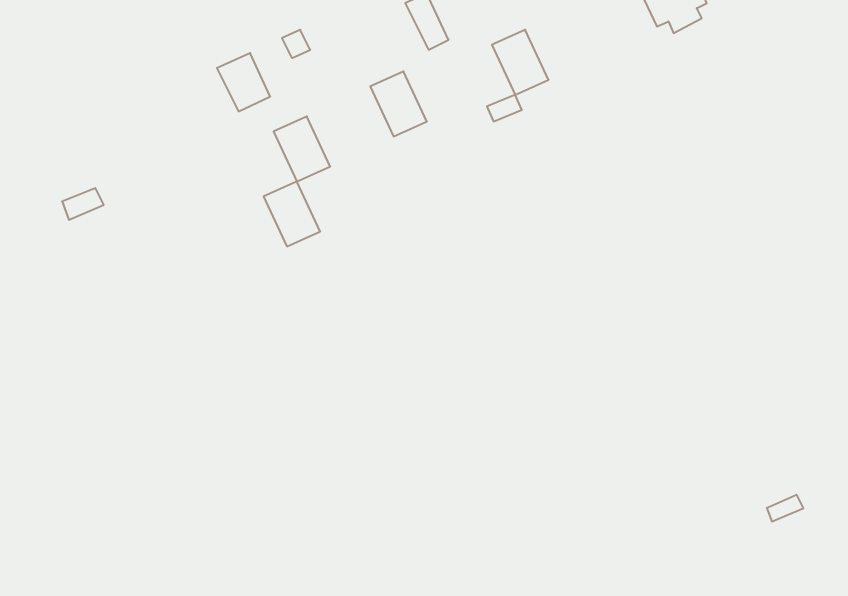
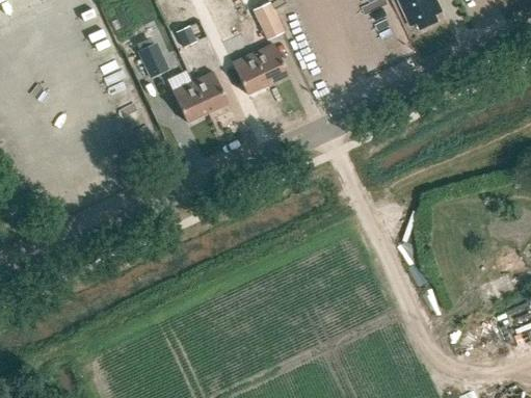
building: [492,30,549,95] -> [253,44,288,84]
building: [264,181,320,246] -> [192,72,228,112]

